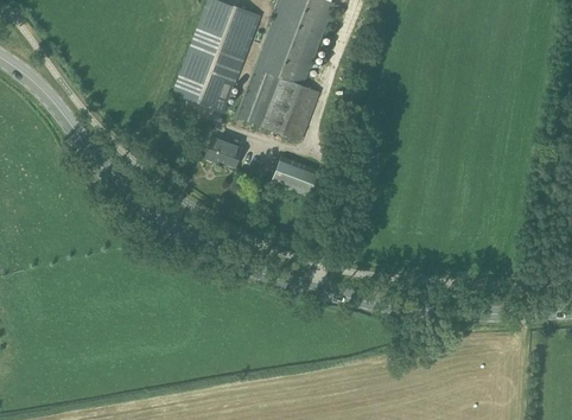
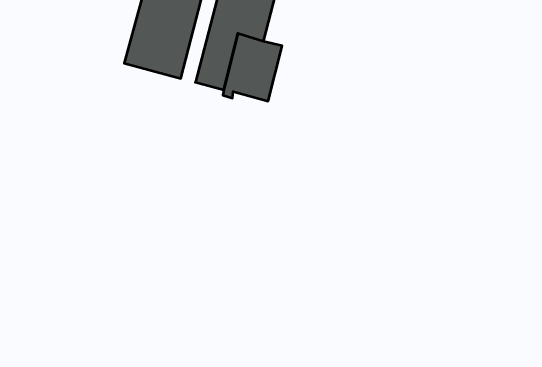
building: [204,139,242,168] -> none
building: [271,157,323,199] -> none

